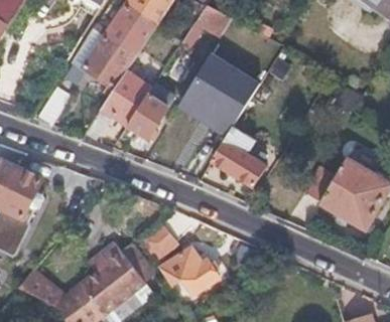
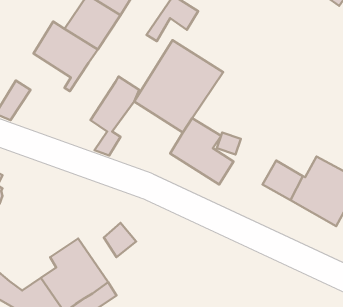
building: [83,70,152,142] -> none
building: [160,246,220,296] -> none

